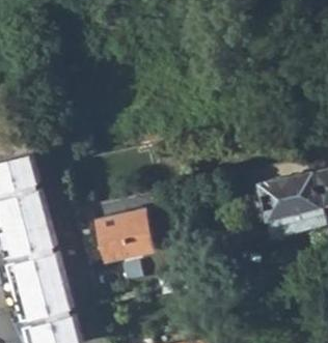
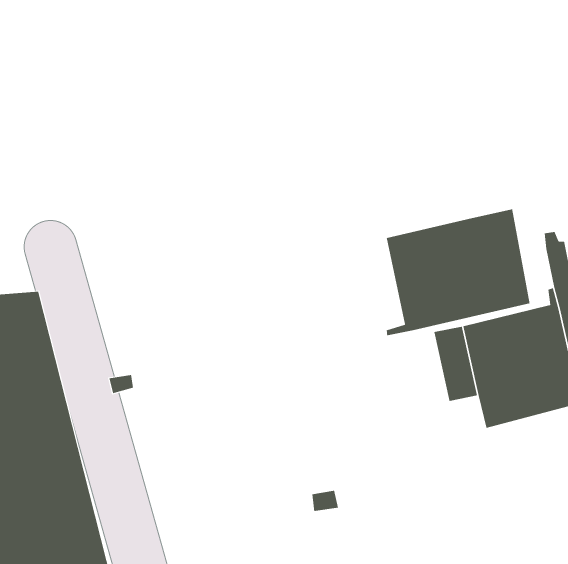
building: none -> [386,209,530,336]
building: [85,207,155,290] -> none

